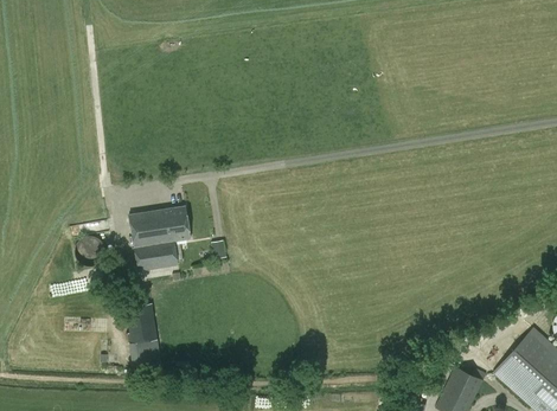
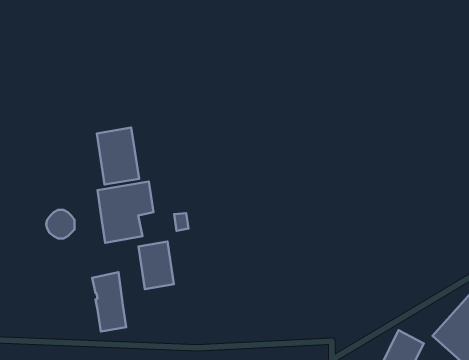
building: none -> [97,128,139,185]
building: none -> [139,242,174,289]

